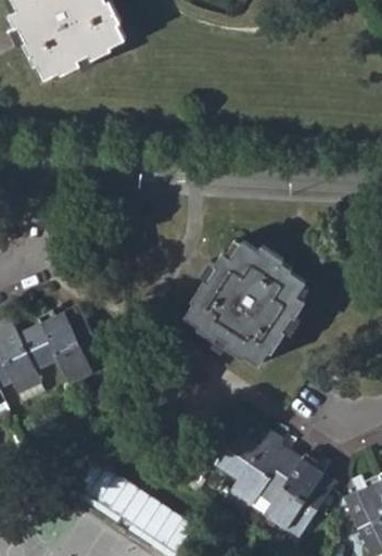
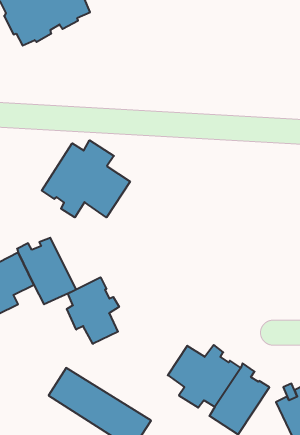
building: none -> [42,140,130,217]
building: [184,241,305,364] -> none
building: none -> [67,277,119,344]

